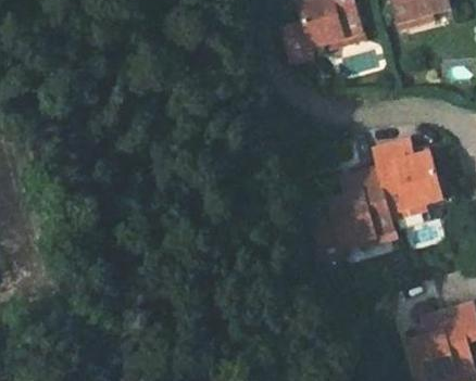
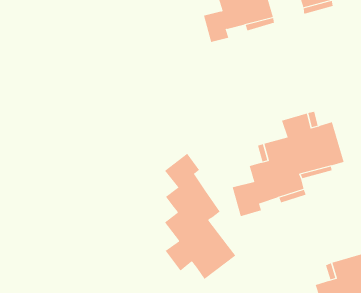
building: none -> [164,153,236,280]

